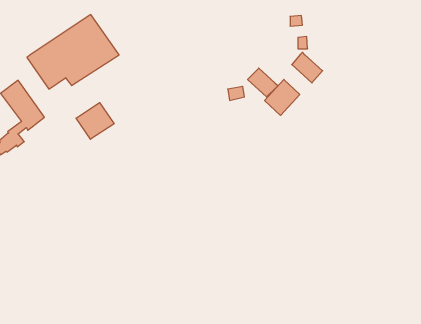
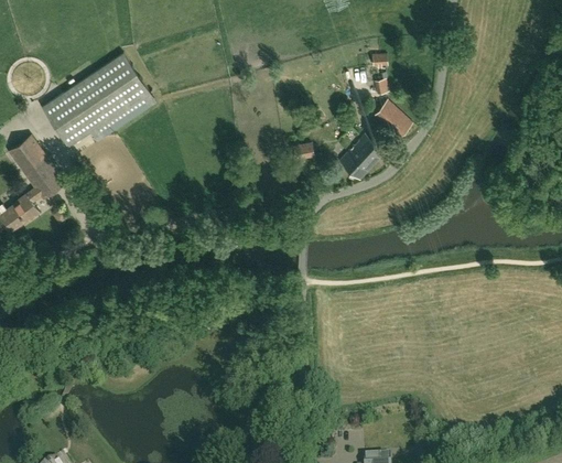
building: [248,68,278,97] -> none
building: [76,103,114,139] -> none

